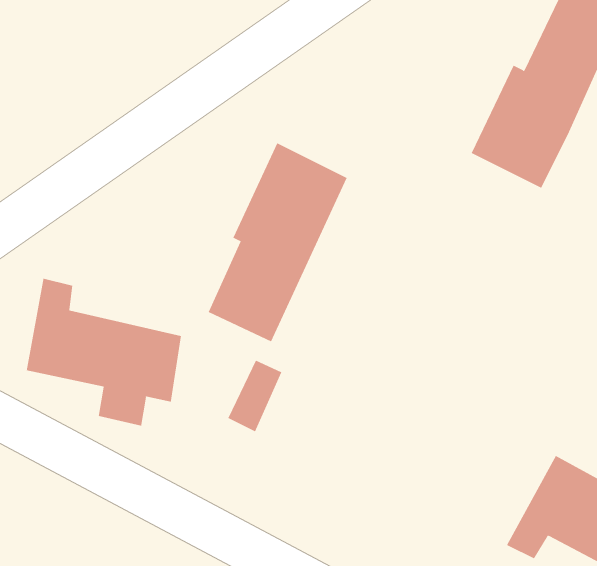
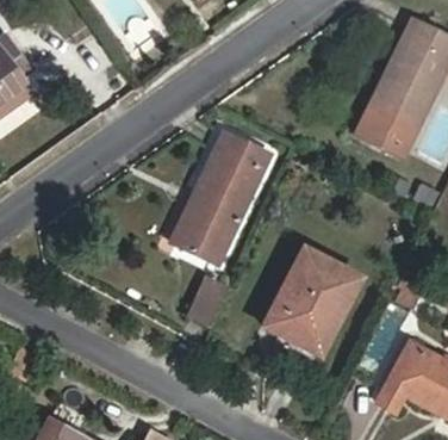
building: [26,278,181,427] -> none
building: none -> [265,246,361,354]

